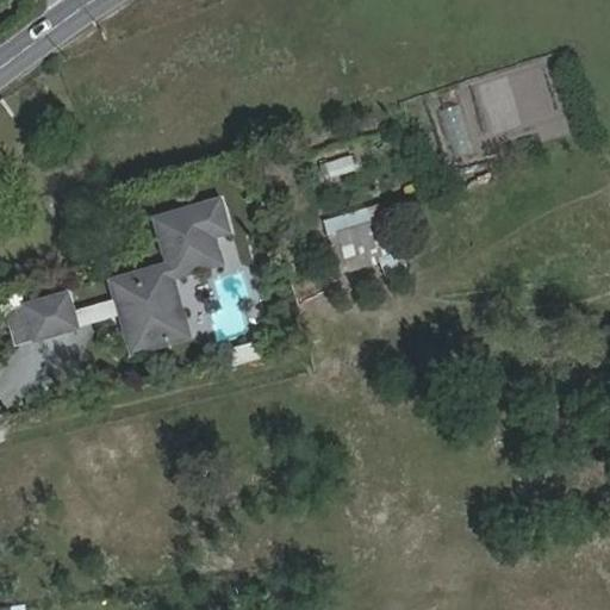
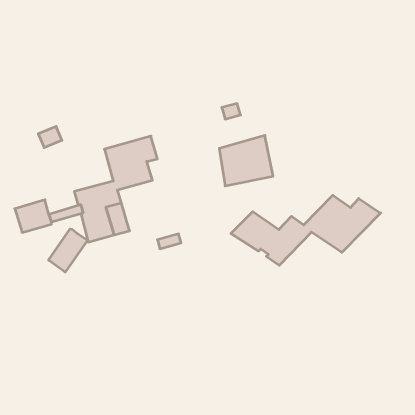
building: none -> [231,195,381,265]
building: none -> [49,229,88,272]

